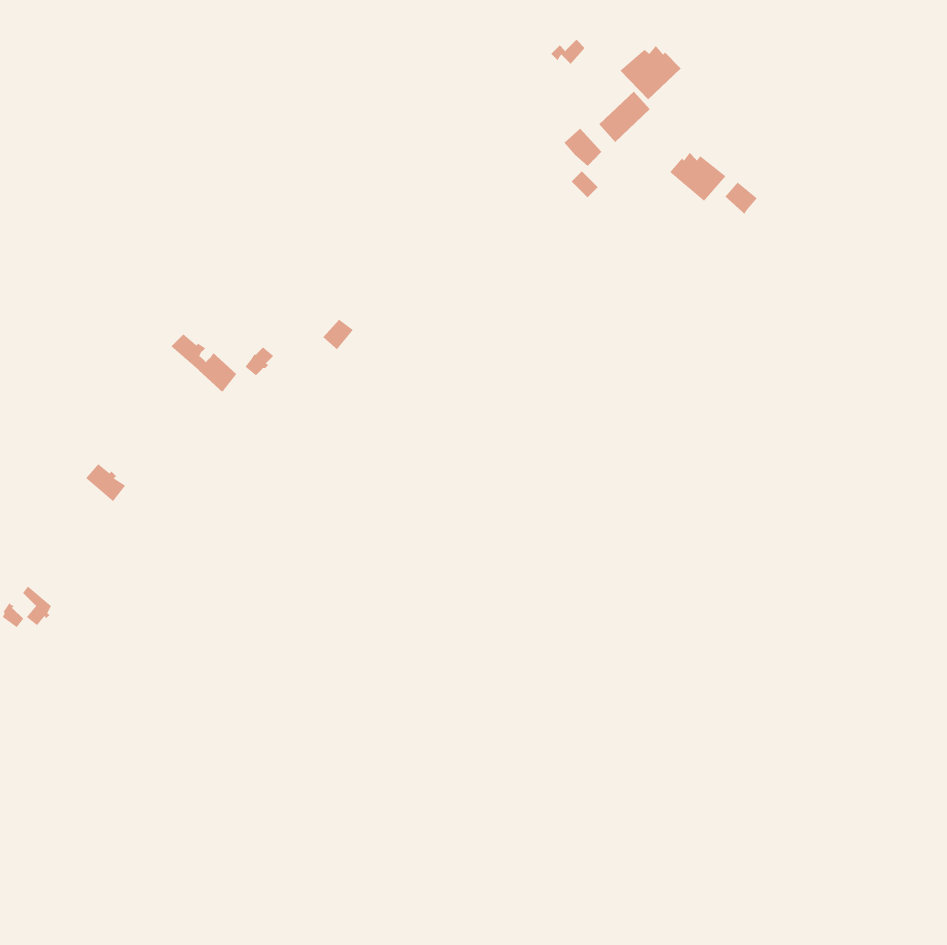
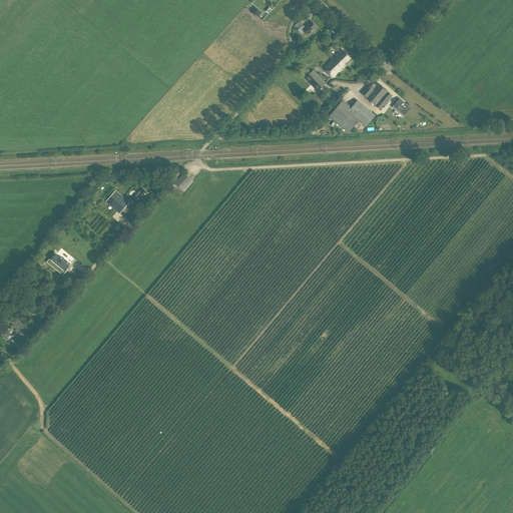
building: [620,45,682,100] -> none
building: none -> [329,99,375,132]

